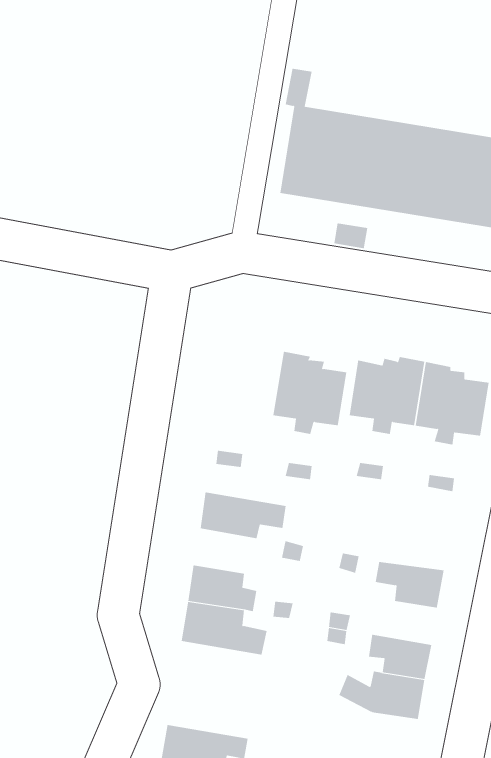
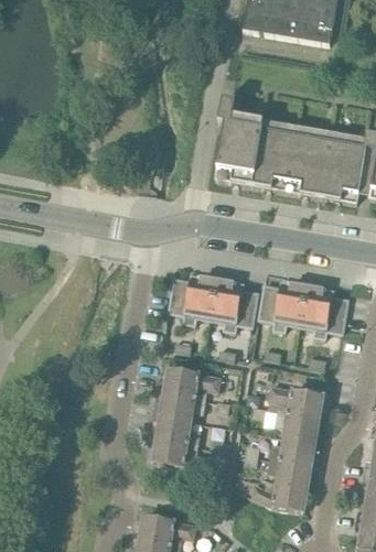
building: none -> [169,273,217,322]
building: none -> [268,383,323,415]
building: none -> [160,389,206,418]
building: none -> [273,435,315,463]

